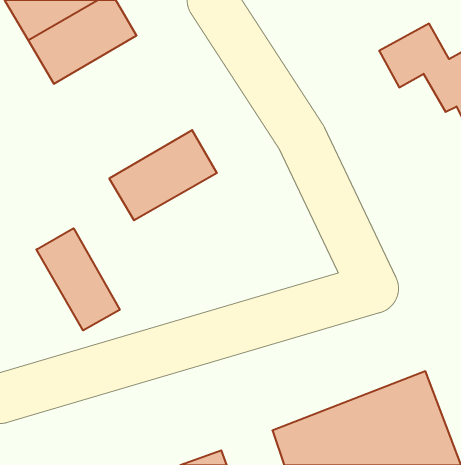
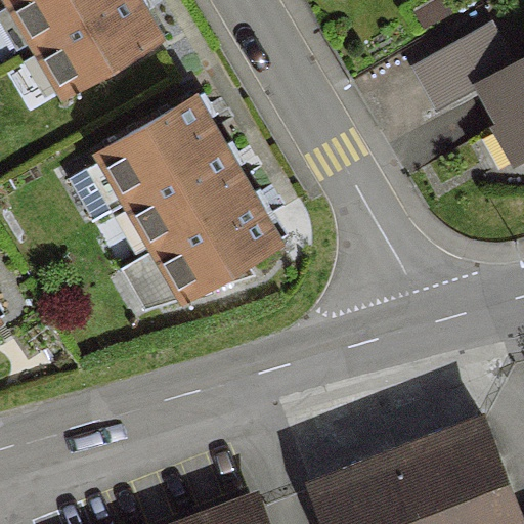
building: none -> [99,97,221,201]
building: none -> [138,194,277,304]
building: [36,228,120,330] -> none

